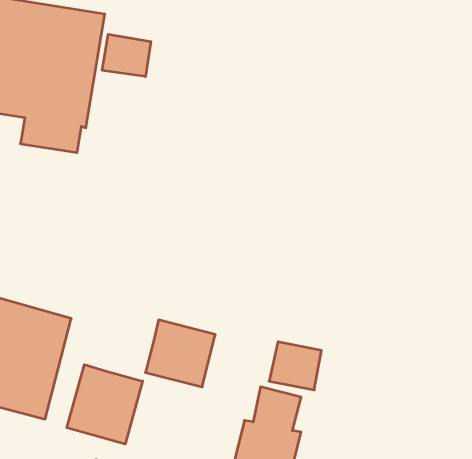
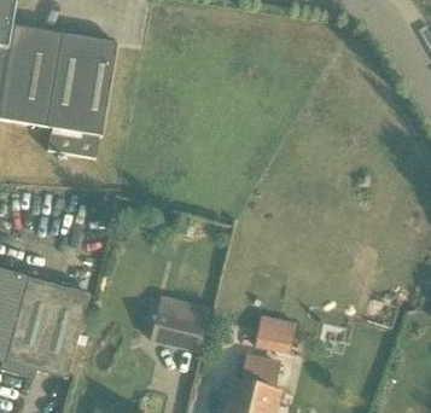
building: [102,34,151,77] -> none
building: [67,365,143,444] -> none

